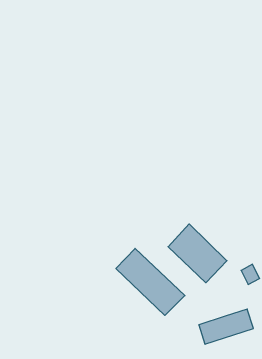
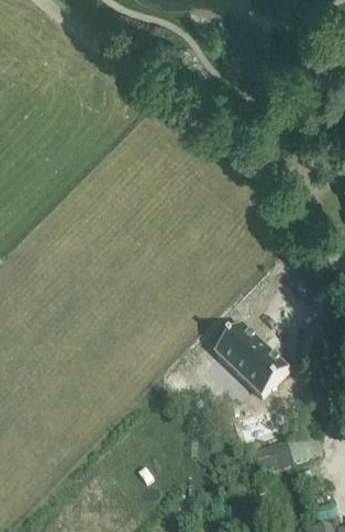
building: [116,248,185,315] -> none

